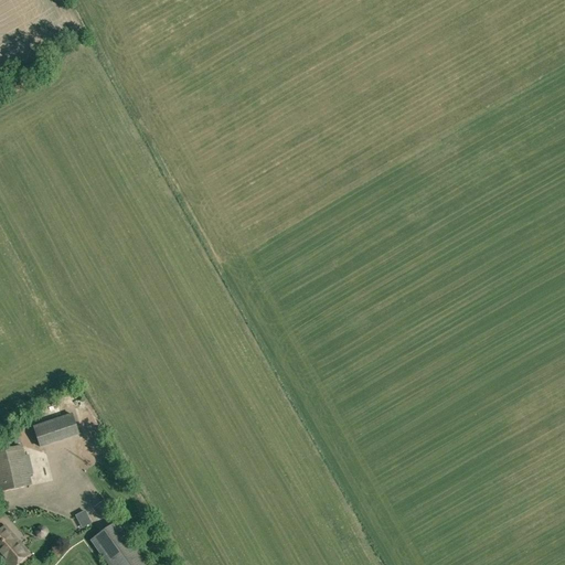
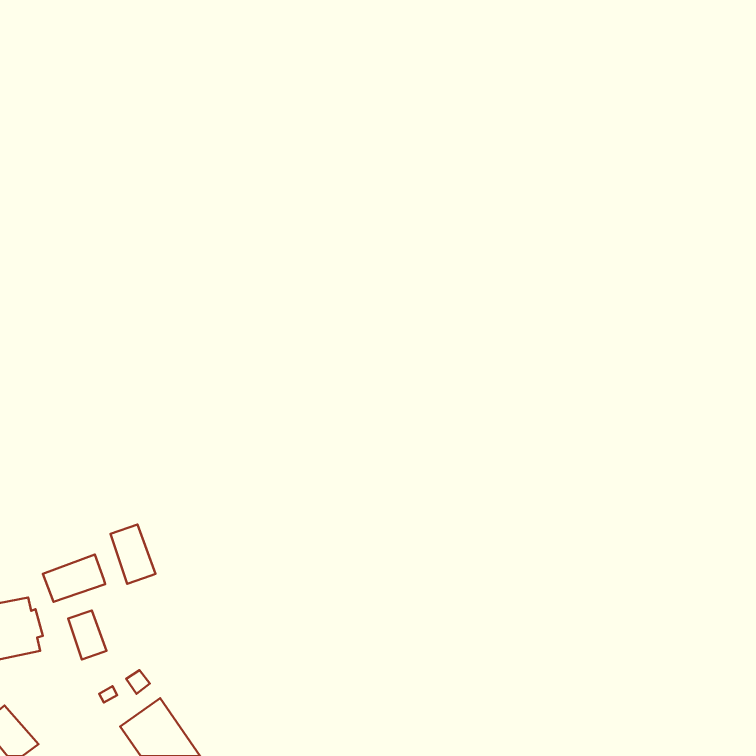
building: none -> [110,525,155,584]
building: none -> [68,611,106,660]

